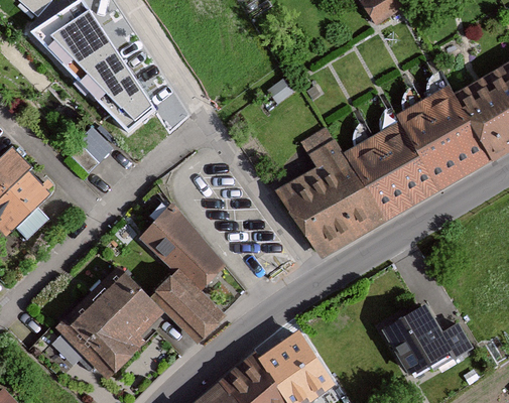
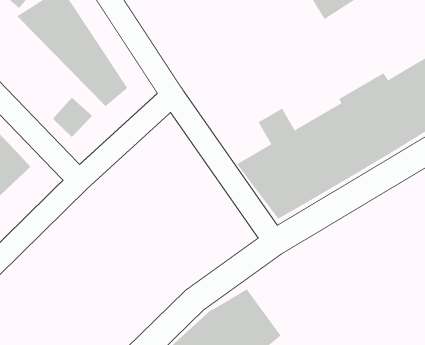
building: [137,206,224,344] -> none
building: [53,269,161,381] -> none
building: [380,305,471,376] -> none

